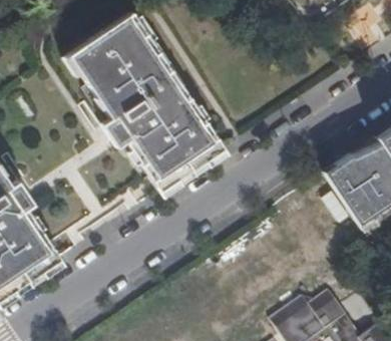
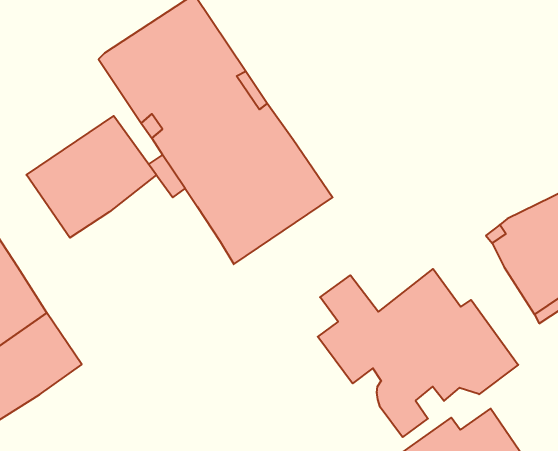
building: none -> [26,116,156,238]
building: none -> [318,269,518,437]

